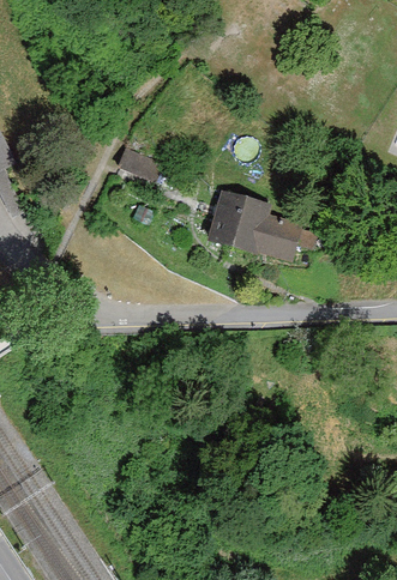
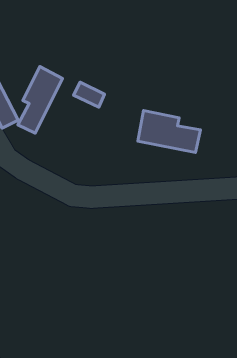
building: none -> [18,67,63,133]

